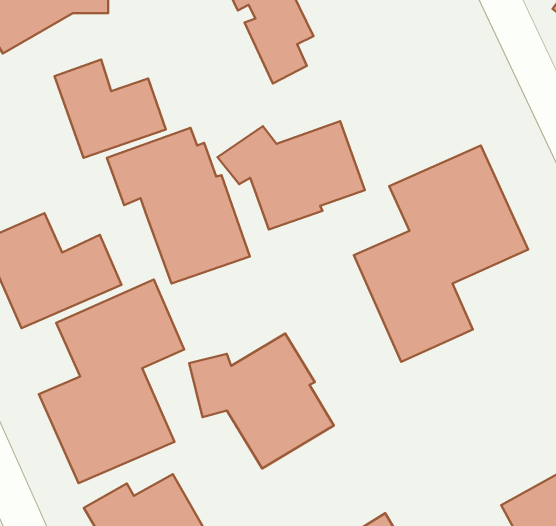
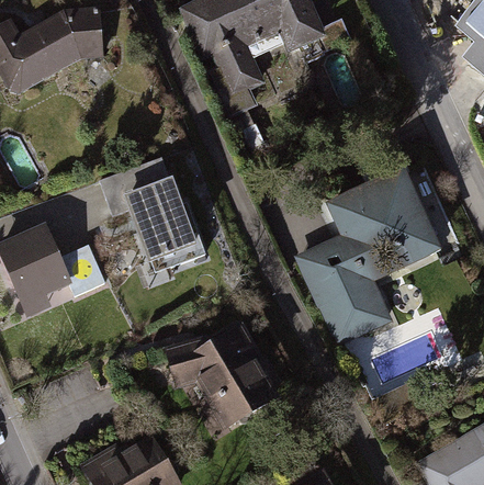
building: [55,60,166,158] -> none
building: [218,121,365,230] -> none
building: [39,280,184,483] -> none

